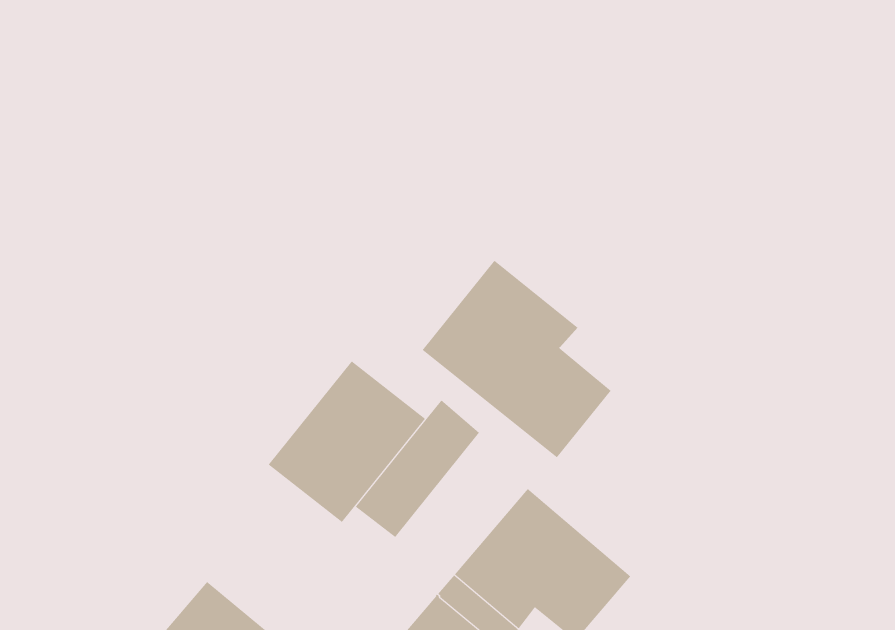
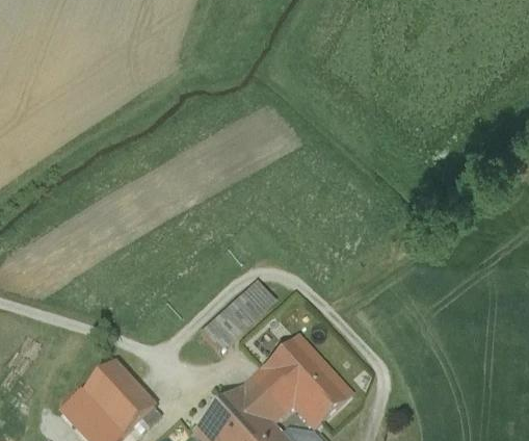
building: [422,260,611,458] -> none
building: [268,361,426,523] -> none

